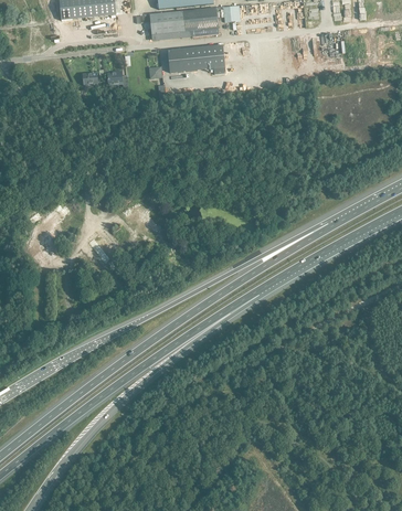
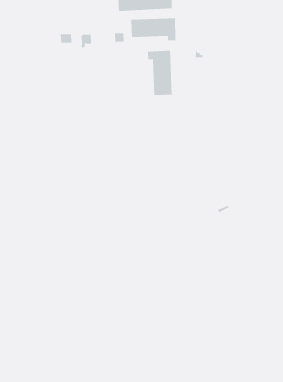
building: none -> [147,50,172,96]

